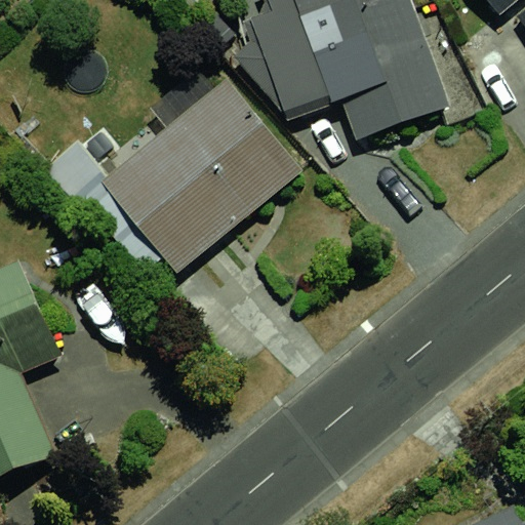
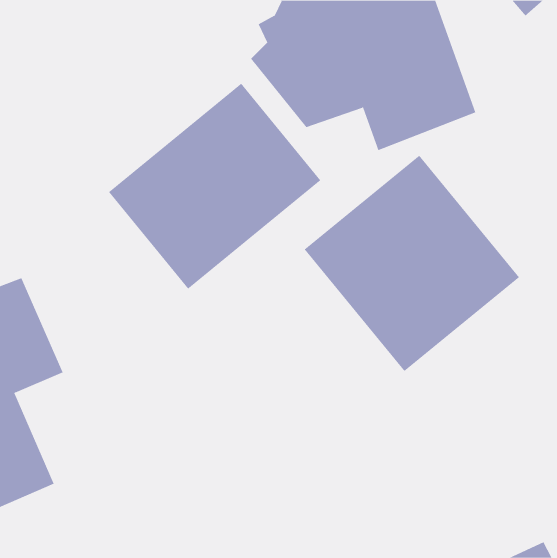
building: none -> [304,155,520,372]

